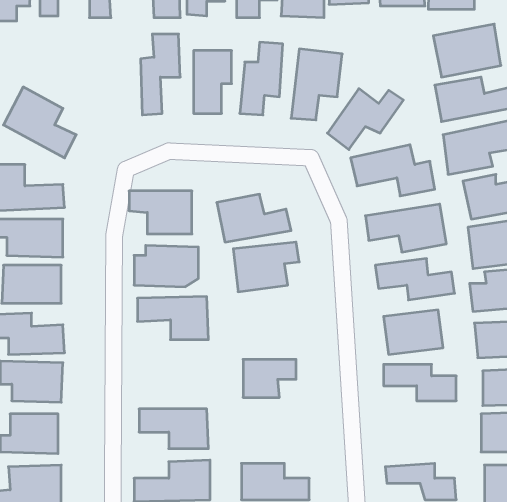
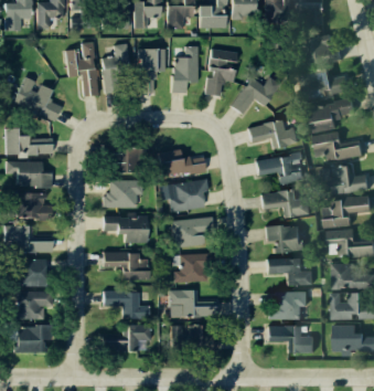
building: none -> [66,42,99,96]
building: none -> [171,218,215,247]
building: none -> [103,251,152,278]
building: none -> [167,292,218,316]
building: none -> [269,292,312,318]

